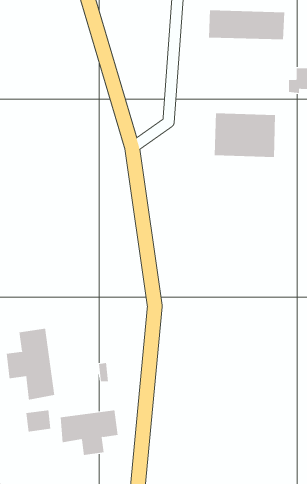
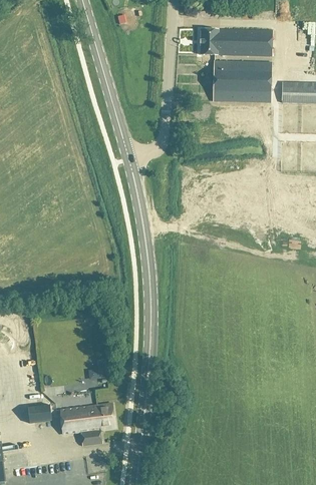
building: [214,113,276,158] -> [212,60,270,102]
building: [6,328,55,401] -> none

